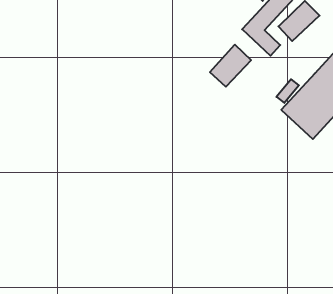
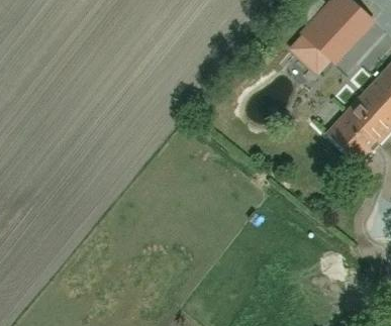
building: [210,45,251,87] -> none

